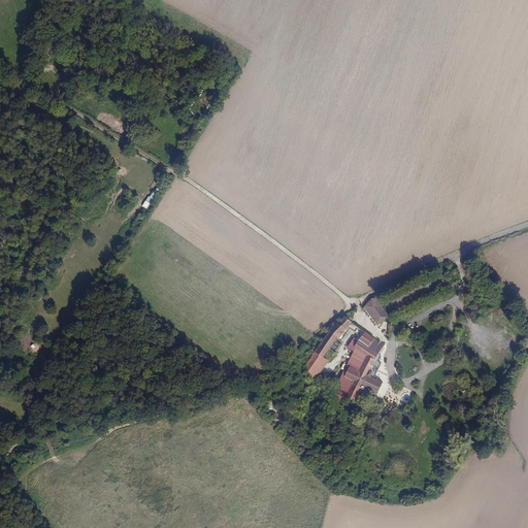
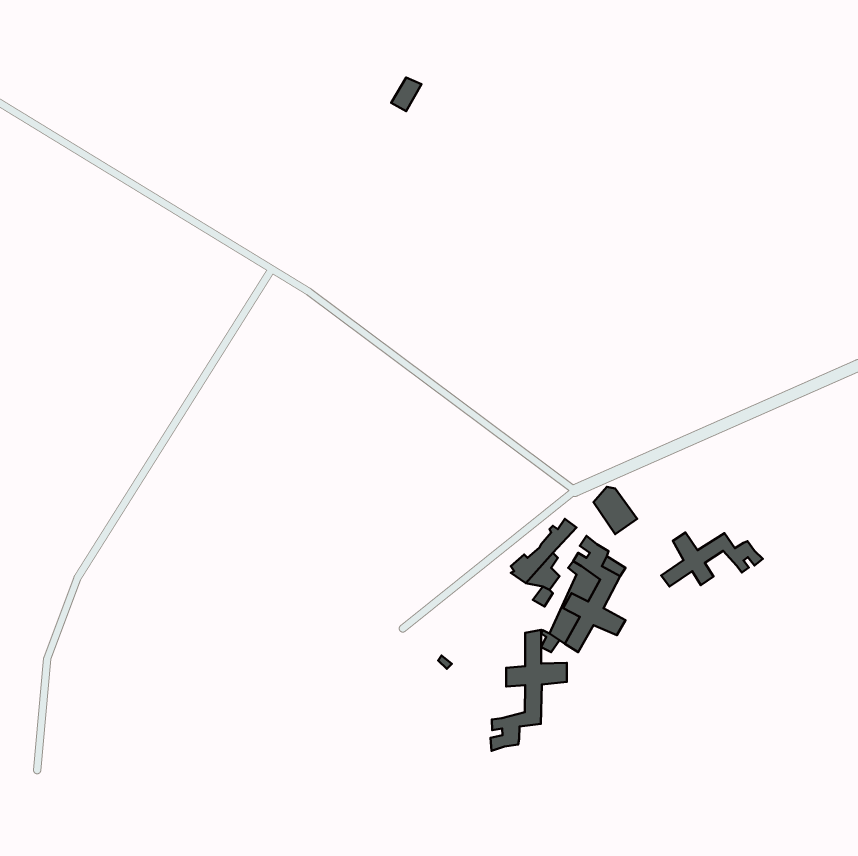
building: none -> [661,532,763,587]
building: none -> [490,630,567,751]

